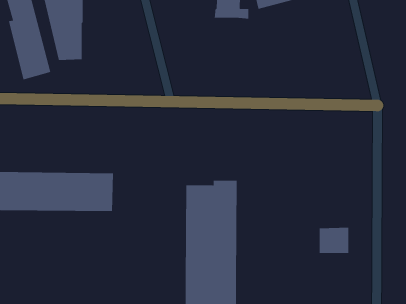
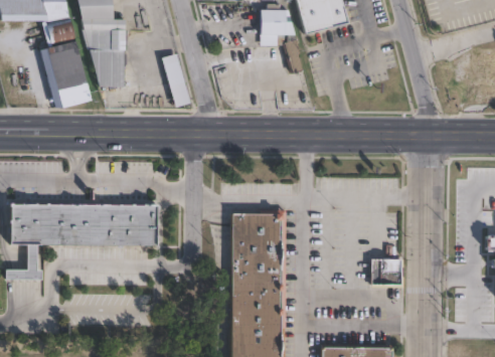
building: none -> [161,53,189,107]

